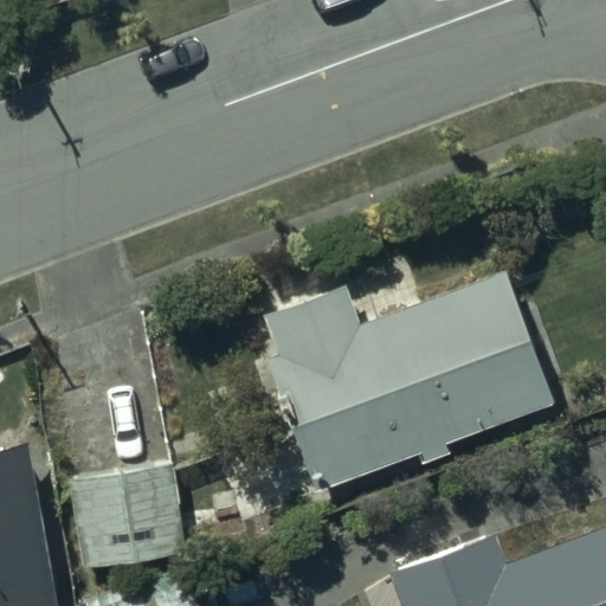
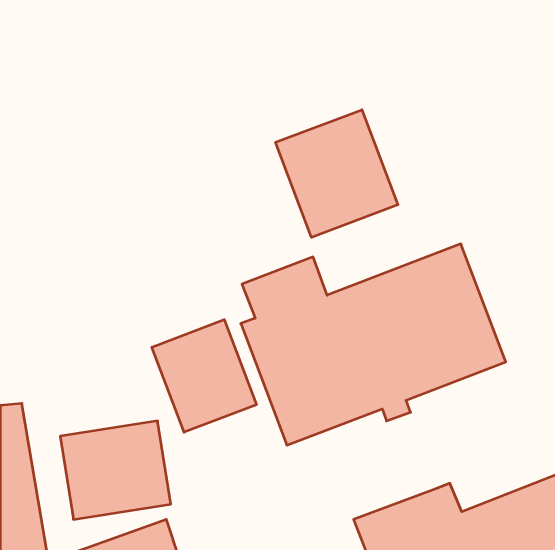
building: none -> [276,110,398,237]
building: none -> [152,320,256,432]

